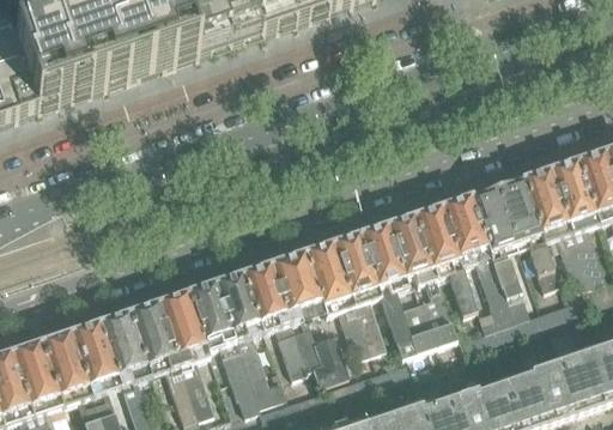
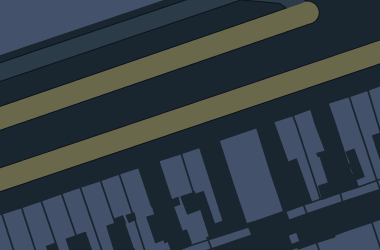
building: [494,177,554,287] -> none
building: [415,205,475,311] -> none
building: [332,232,384,351] -> none
building: [242,262,306,375] -> none

